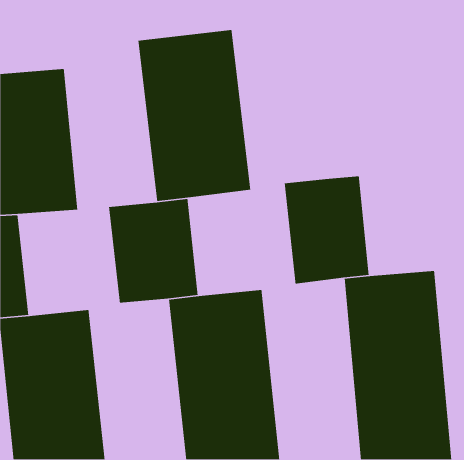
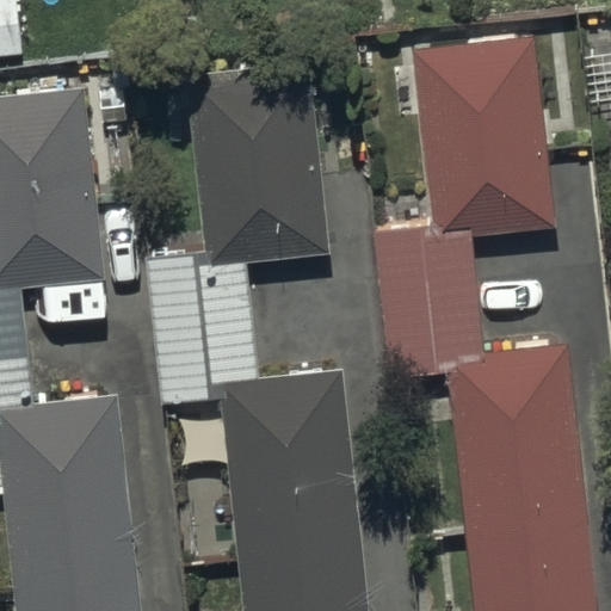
building: none -> [413,38,557,234]

